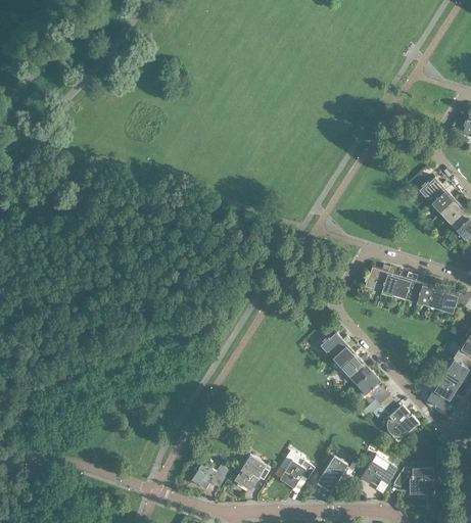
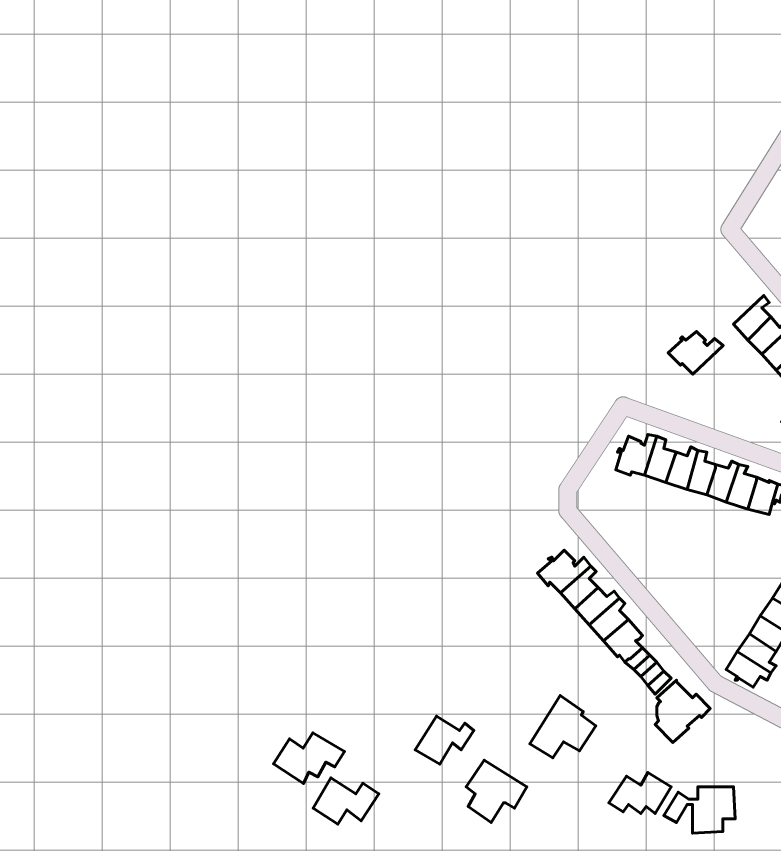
building: [417,179,449,203] -> [668,331,723,374]
building: none -> [274,733,344,783]
building: [316,457,354,492] -> [530,696,596,758]
building: [235,462,269,489] -> [415,716,474,764]

